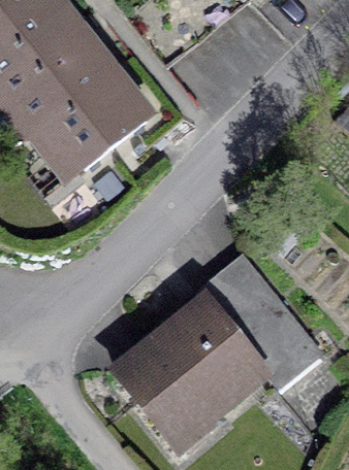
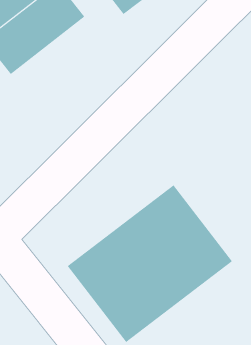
building: [26,61,157,181] -> none

